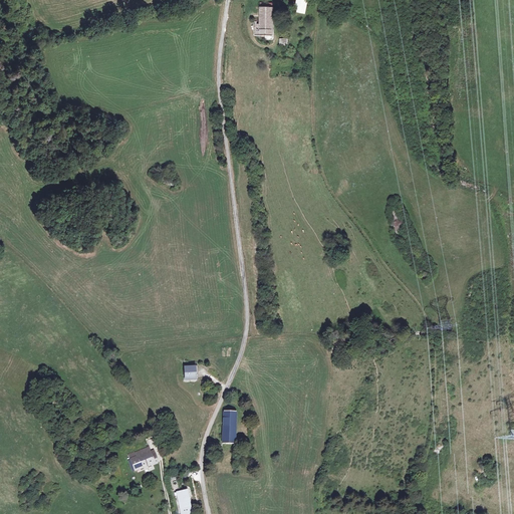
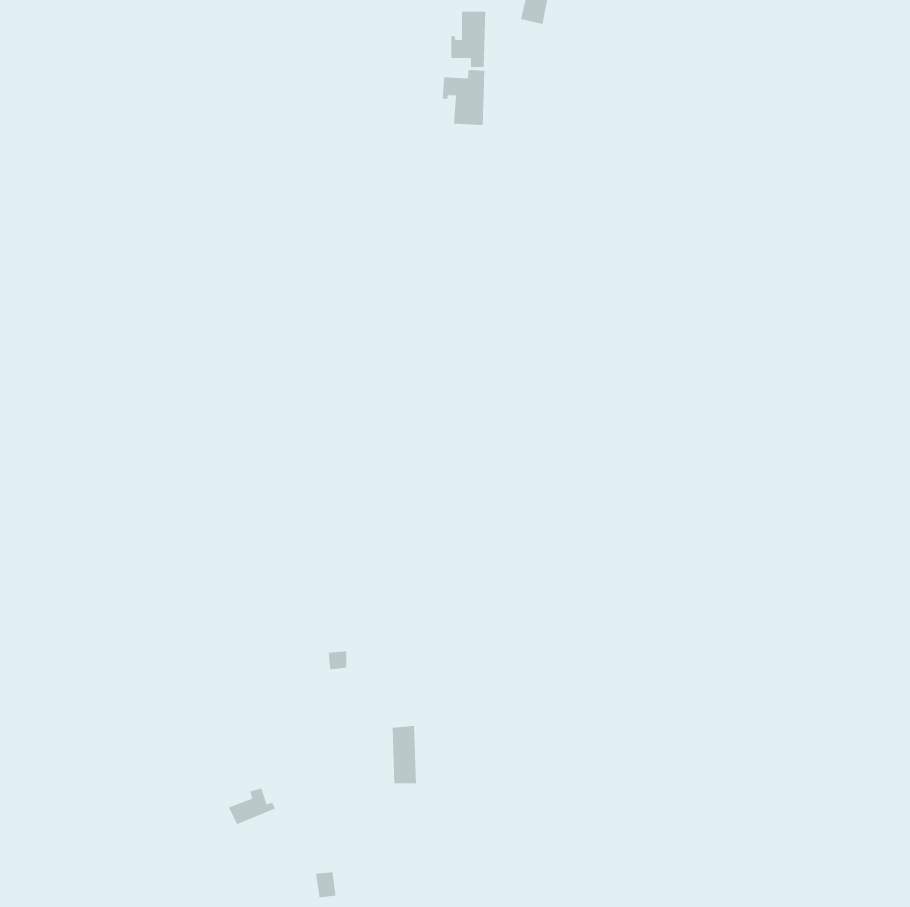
building: none -> [442,69,485,126]

